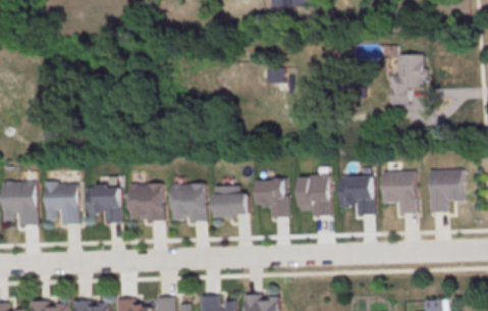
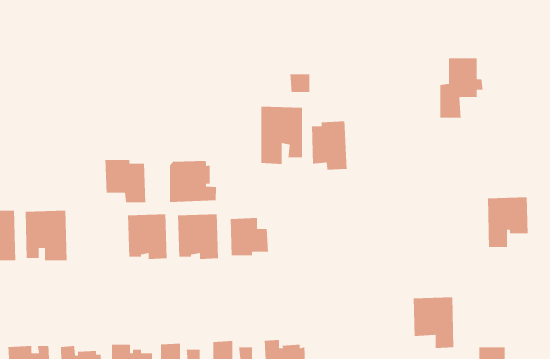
building: none -> [261,106,303,165]
building: none -> [169,160,217,203]
building: [381,171,416,215] -> [413,297,454,349]
building: [300,175,330,217] -> [311,121,348,171]
building: [339,177,374,214] -> none
building: [258,183,287,219] -> none
building: [87,188,121,224] -> [105,159,146,203]

